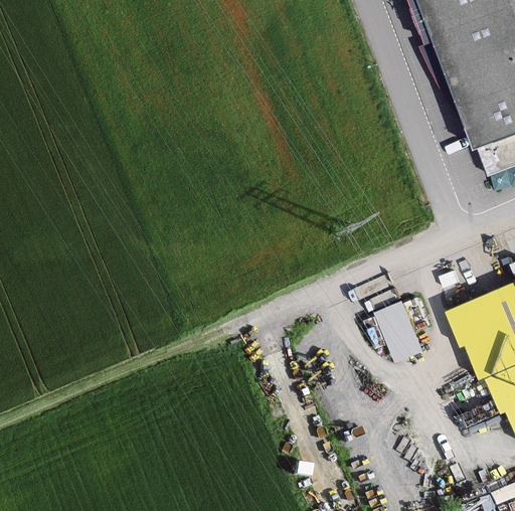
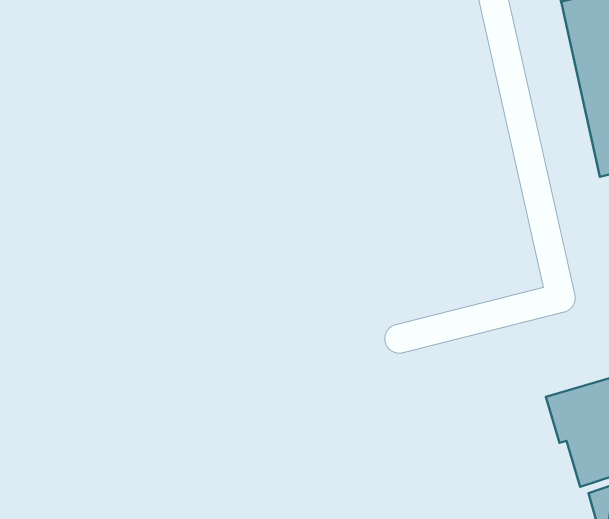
building: [375,300,422,361] -> none

